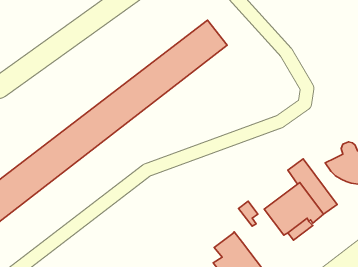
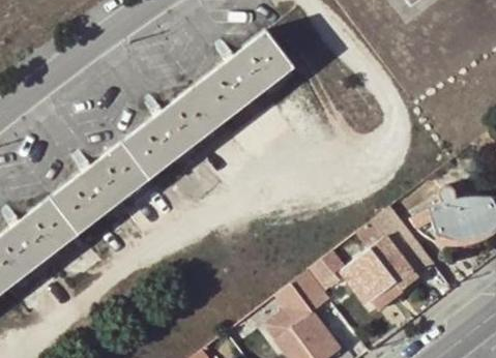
building: none -> [287,273,330,317]

